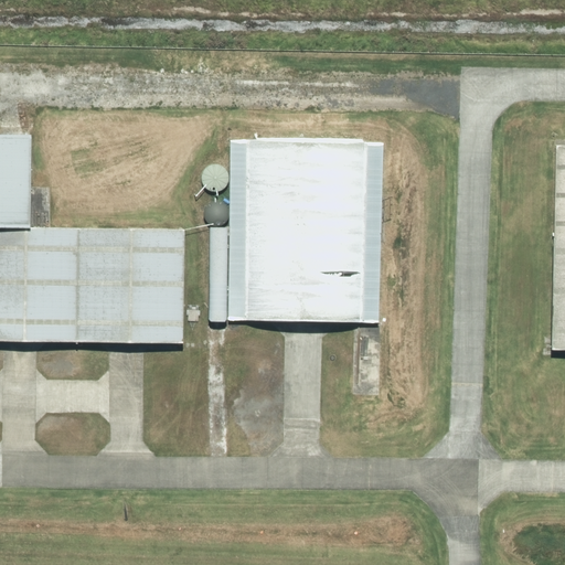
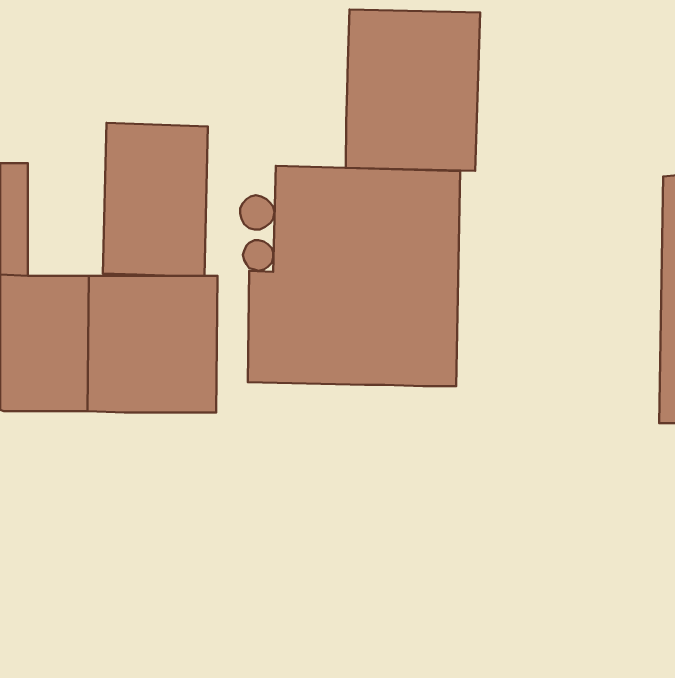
building: none -> [346,9,480,171]
building: none -> [103,123,208,276]

